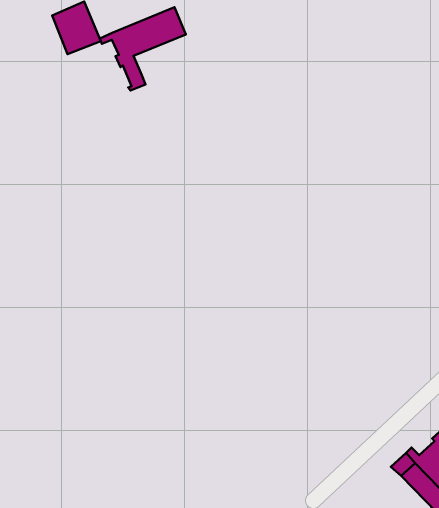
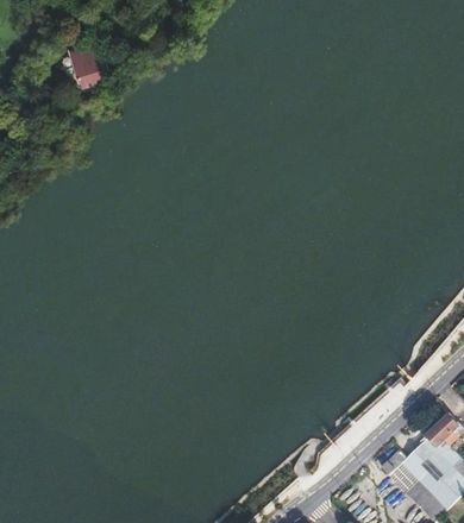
building: [100,7,186,90] -> none

